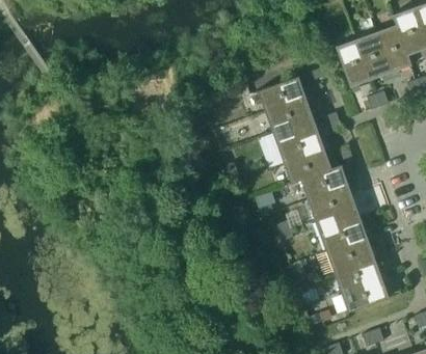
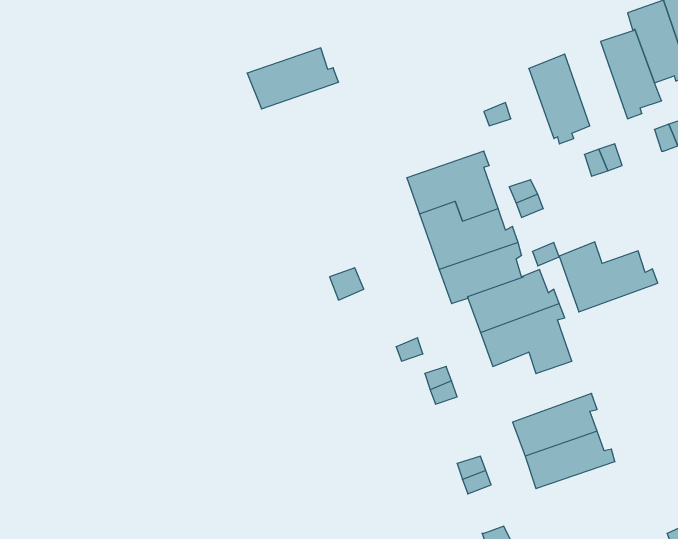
building: [355,32,392,81] -> none
building: [256,76,309,111] -> [247,48,339,109]
building: [314,212,371,252] -> [559,242,658,312]
building: [339,275,389,312] -> none

